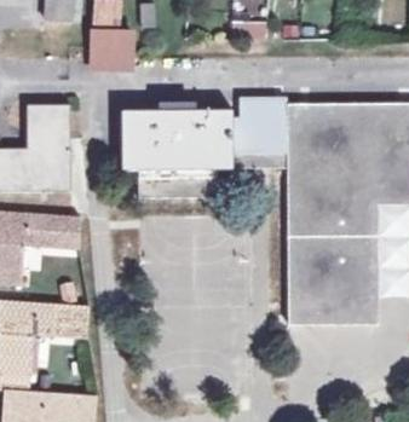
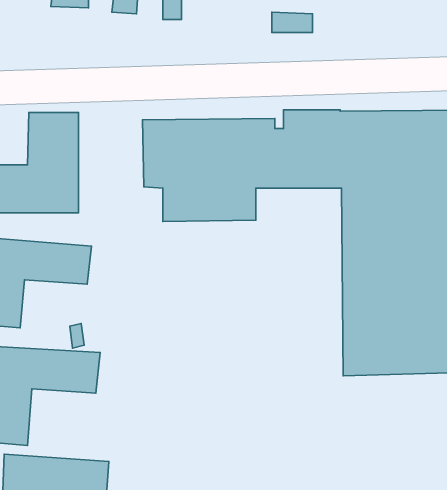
building: [92,30,133,68] -> none

